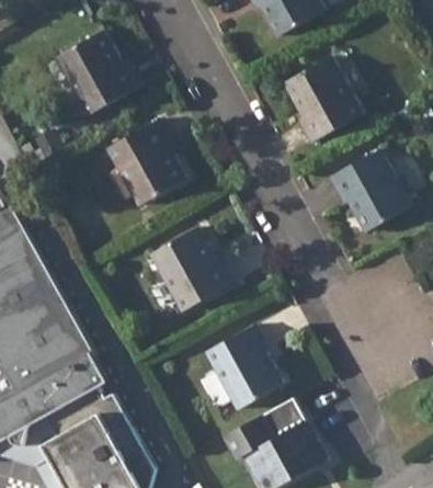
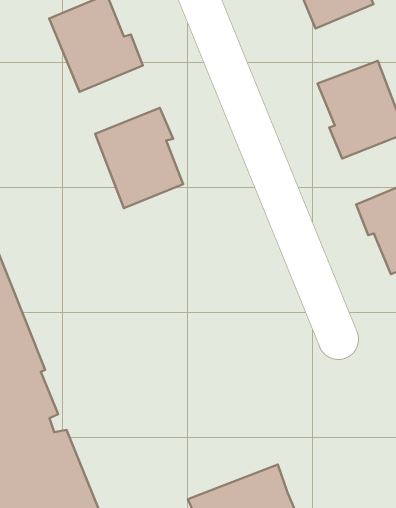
building: [150,229,232,311] -> none
building: [202,321,281,408] -> none

